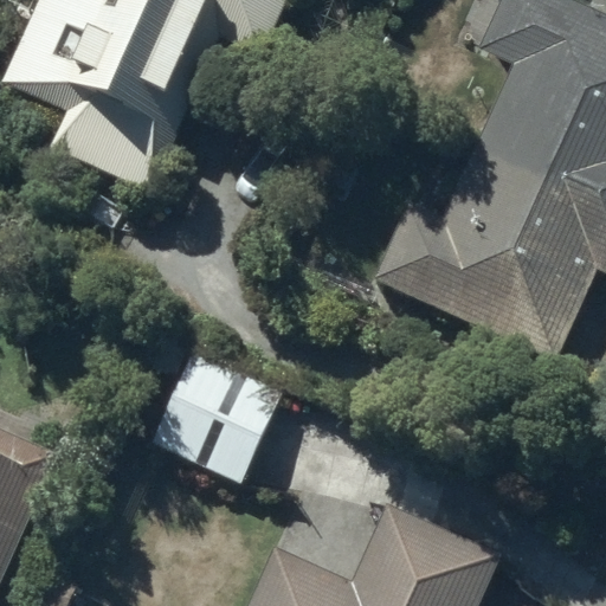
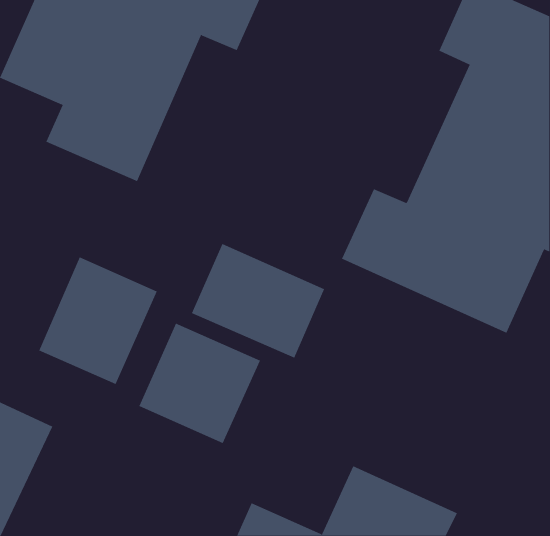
building: none -> [191,243,325,359]
building: none -> [38,257,157,385]

